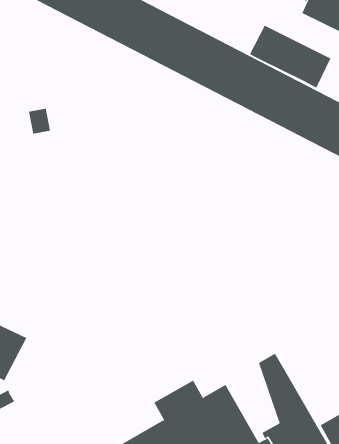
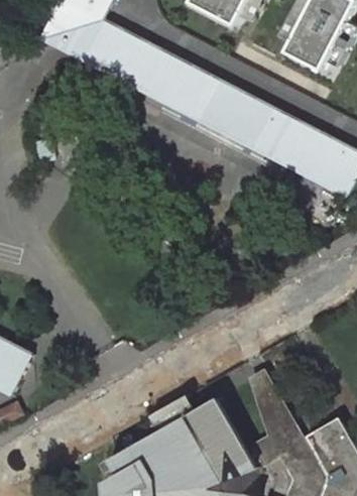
building: [249,25,331,88] -> none

